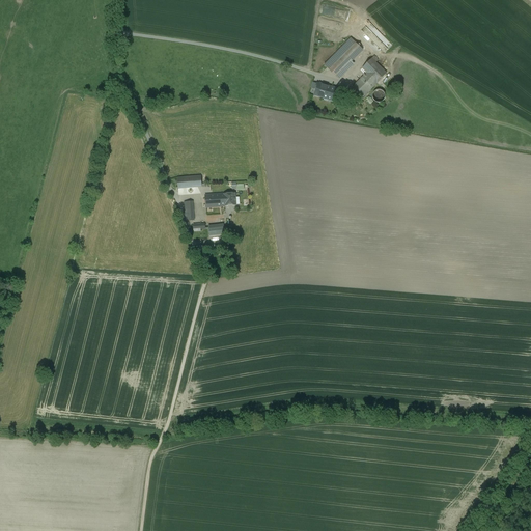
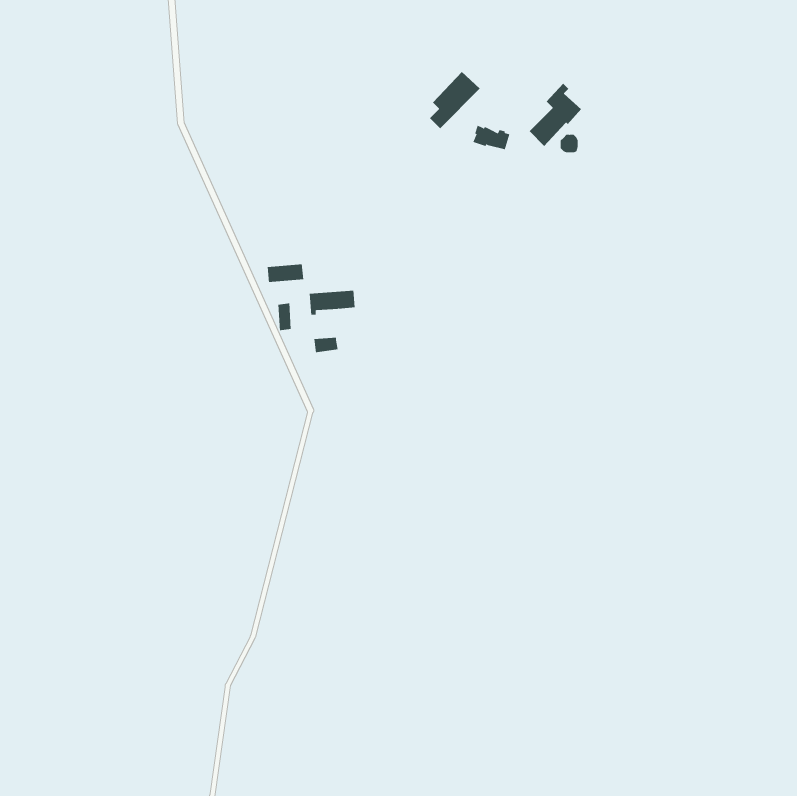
building: [329,37,363,76] -> [429,71,481,129]

